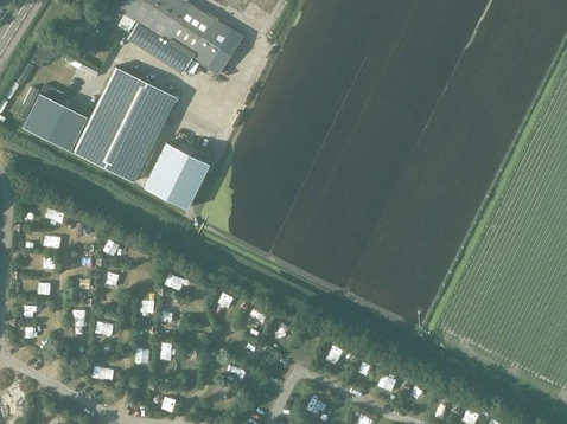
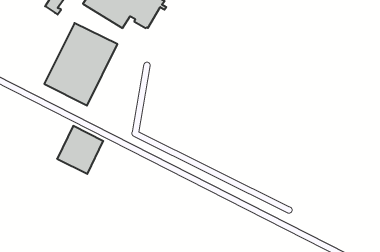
building: [23,94,85,150] -> none
building: [144,141,209,208] -> [57,126,103,174]

